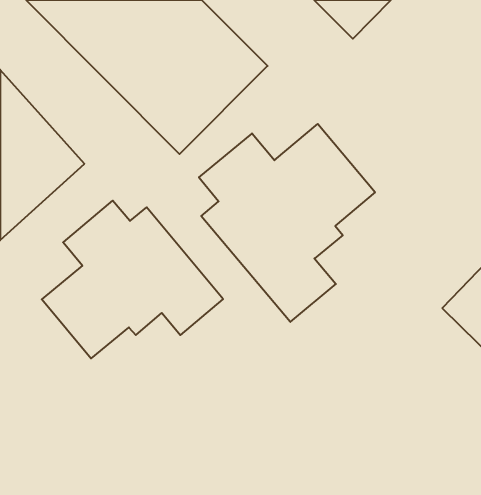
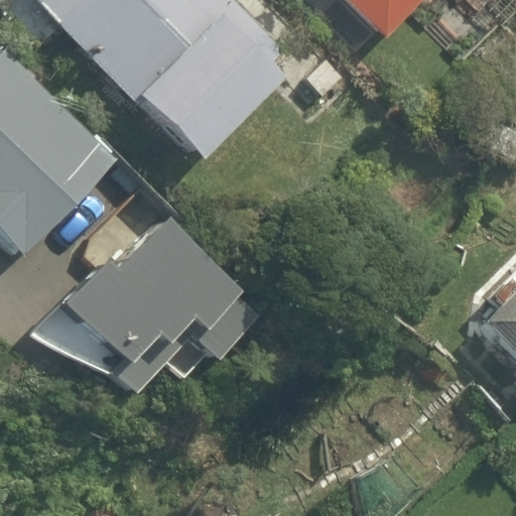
building: [199,124,375,322] -> none

